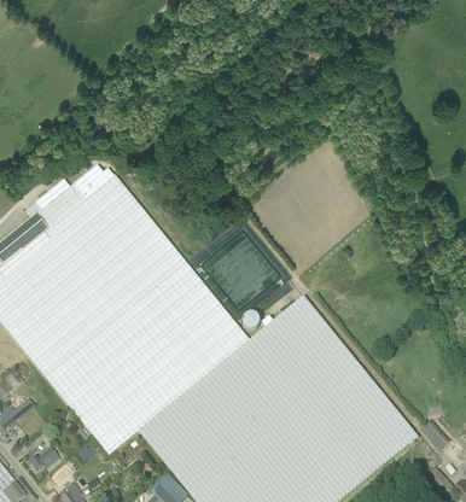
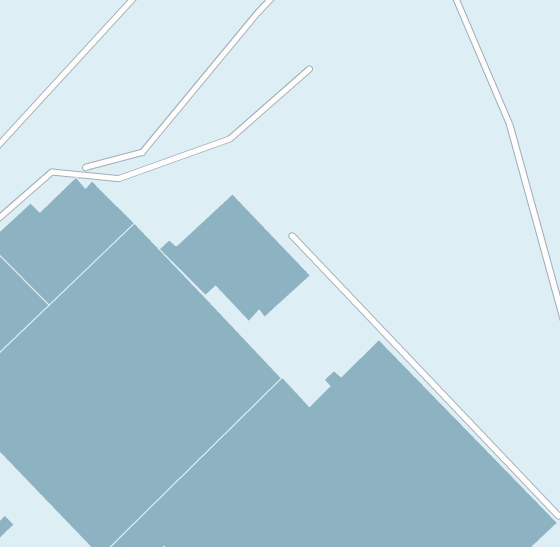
building: none -> [159,194,310,321]

